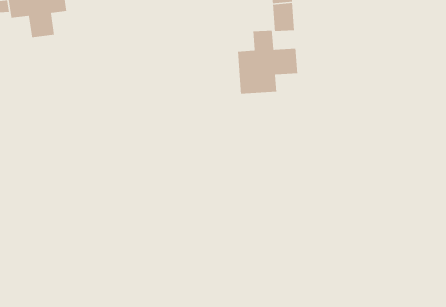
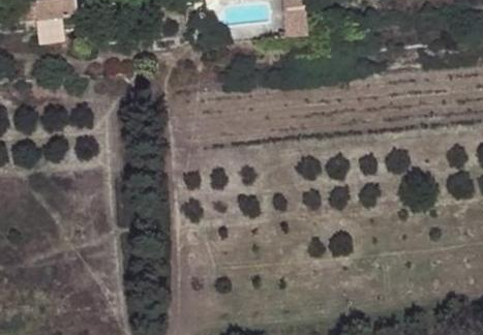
building: [237,30,298,94] -> none

